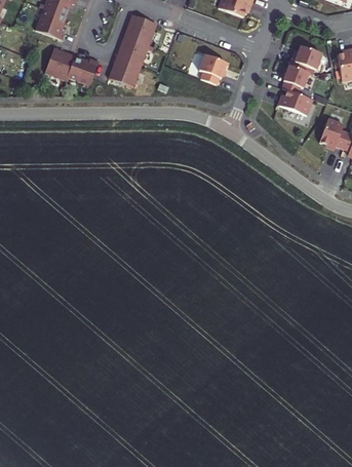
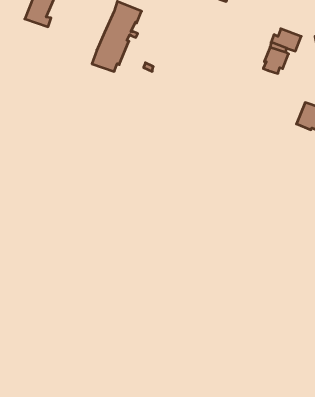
building: [42,50,95,88] -> none
building: [203,51,231,81] -> none
building: [282,87,317,112] -> none

